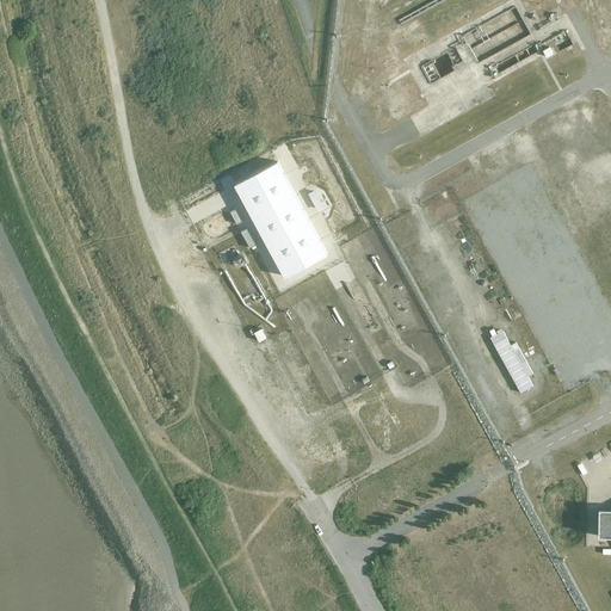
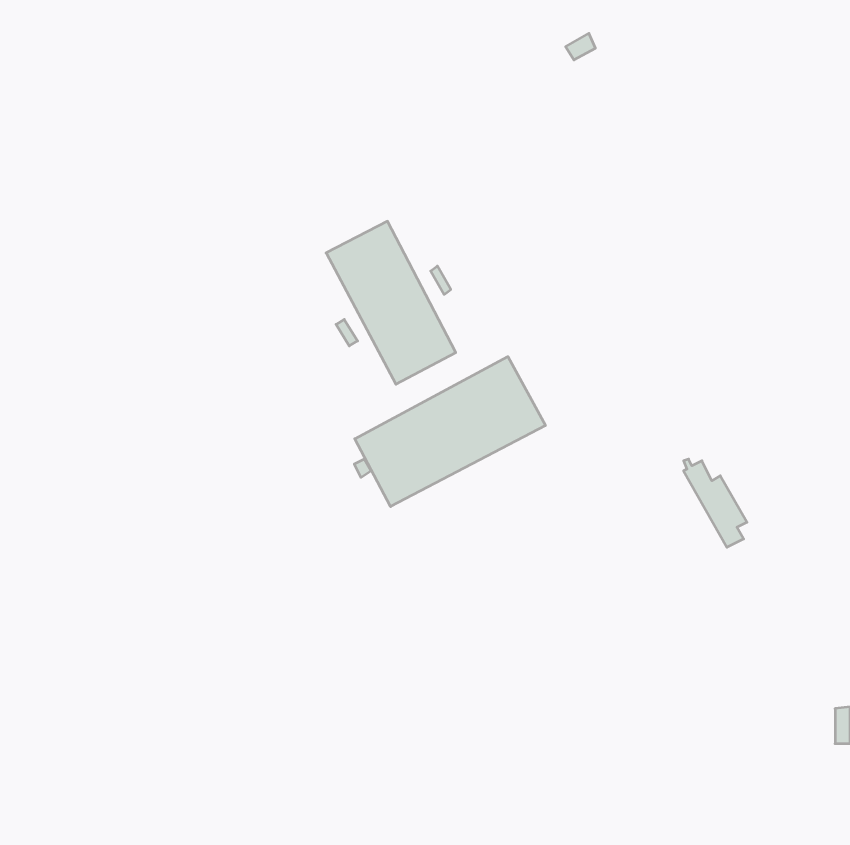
building: none -> [355,357,545,507]

